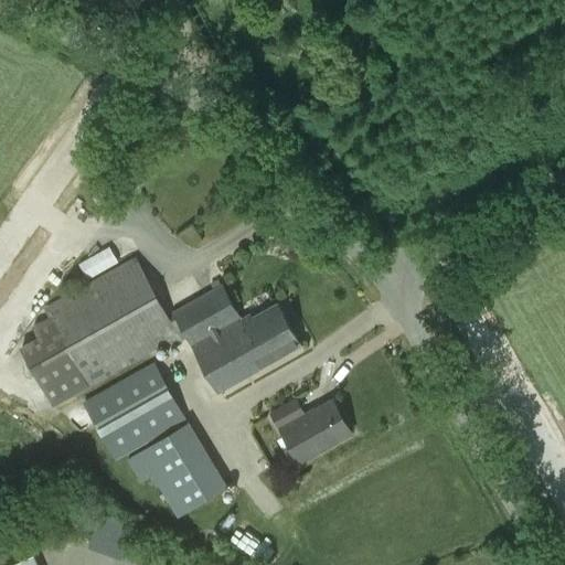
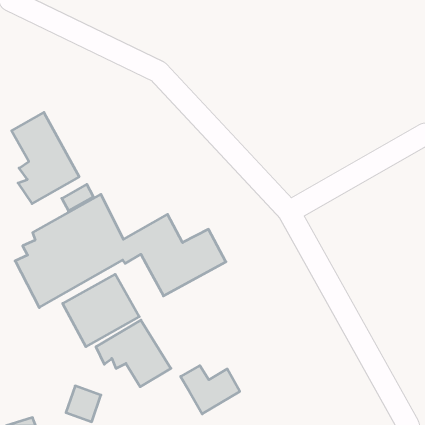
building: none -> [12,112,79,204]
building: [269,398,348,462] -> [181,366,240,414]

